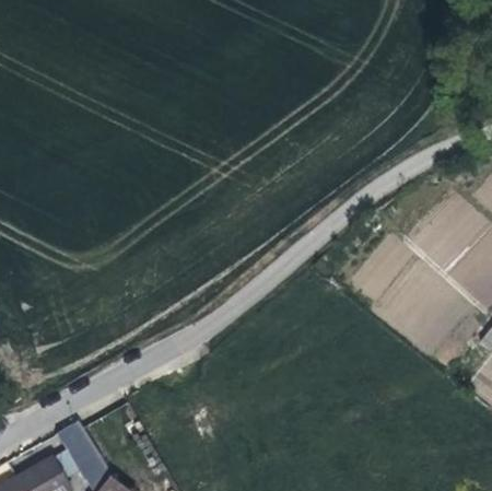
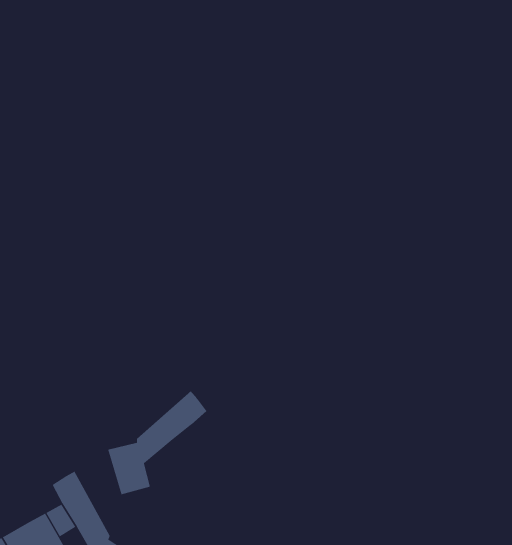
building: none -> [108,391,207,495]

